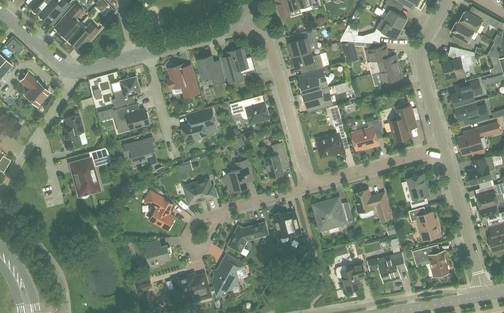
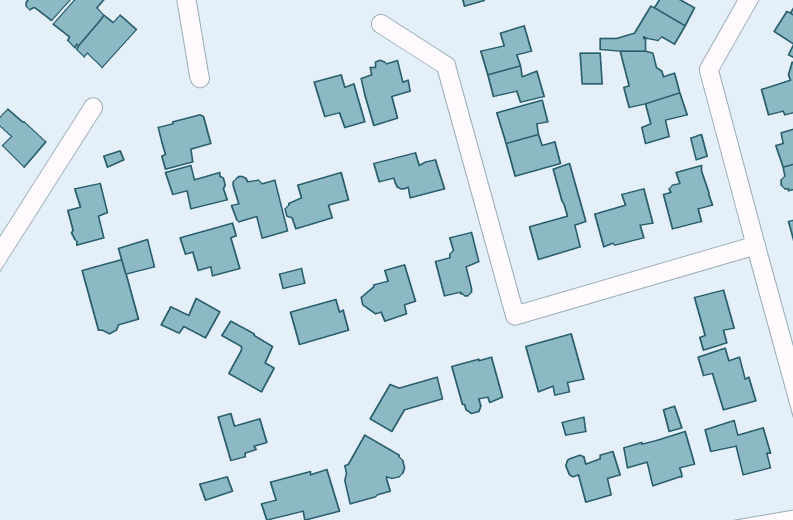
building: [166,63,197,97] -> [231,177,288,238]
building: none -> [161,298,220,338]
building: [354,189,390,220] -> none

